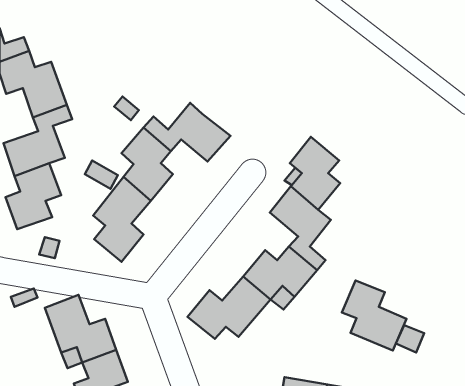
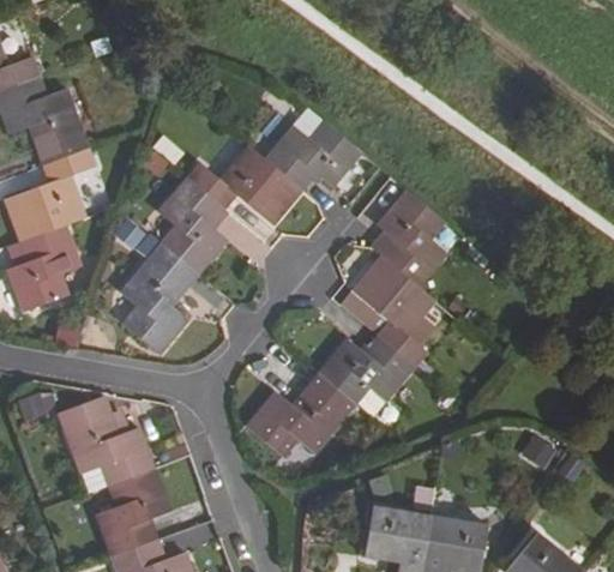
building: none -> [265,121,362,188]
building: [342,281,406,351] -> none

